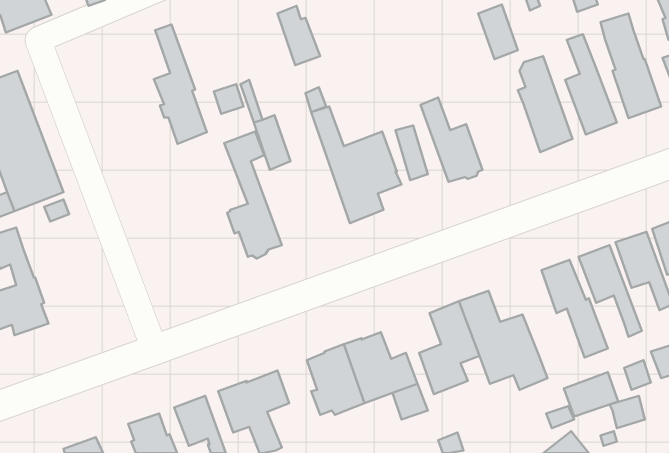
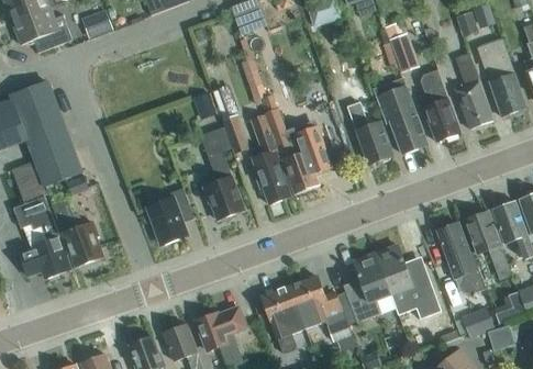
building: [154,24,207,144] -> [251,115,290,204]
building: none -> [374,78,426,154]
building: none -> [147,188,193,245]
building: none -> [53,200,102,267]

